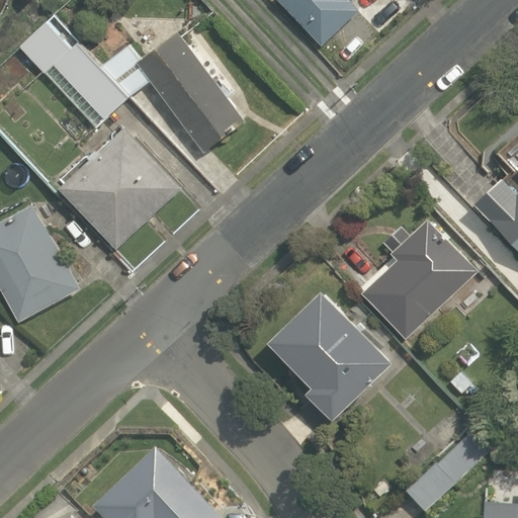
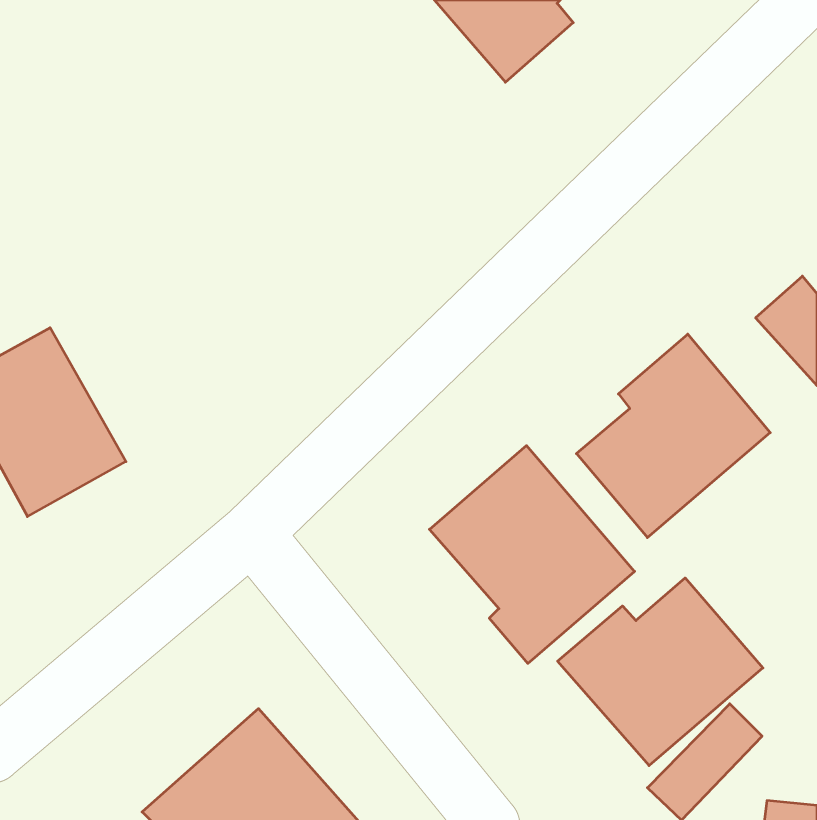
building: [14,13,245,157] -> none
building: [48,119,178,250] -> none
building: none -> [558,578,763,766]

